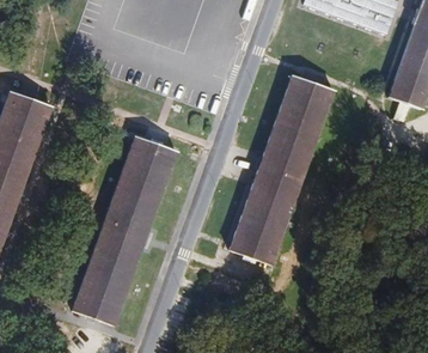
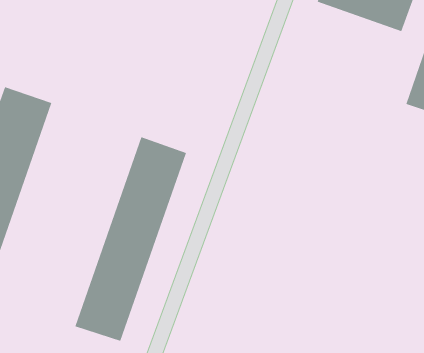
building: [228,69,338,268] -> none

